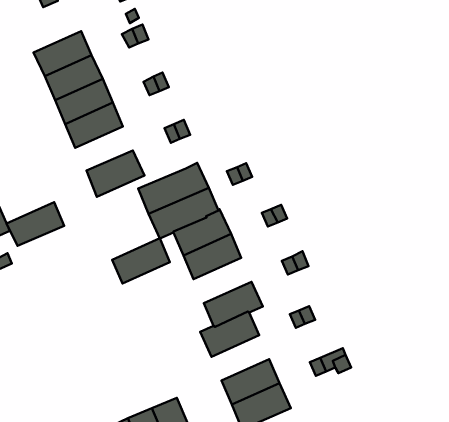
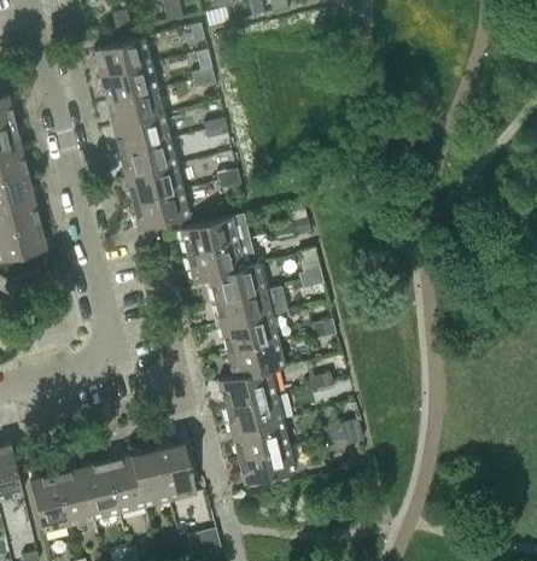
building: none -> [94,36,151,76]
building: [6,202,64,246] -> [126,164,182,201]
building: [112,238,170,284] -> [221,314,278,352]
building: none -> [226,393,282,432]

